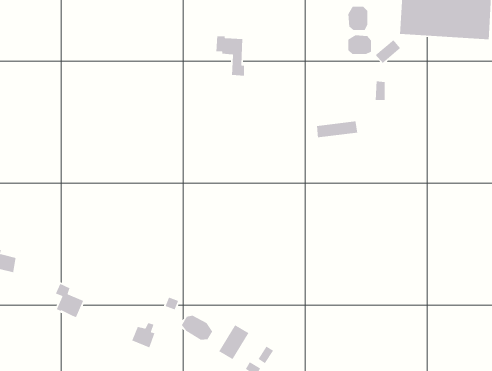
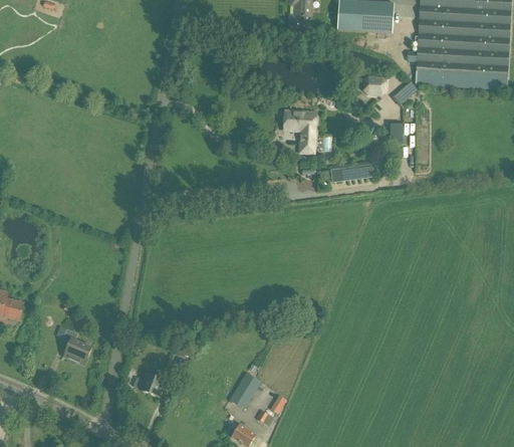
building: [347,6,368,31] -> none
building: [216,35,245,77] -> [284,111,314,154]
building: [181,315,213,340] -> none

